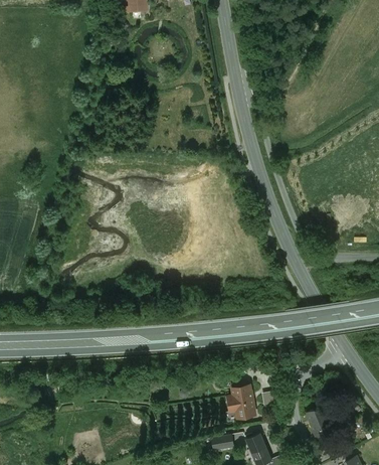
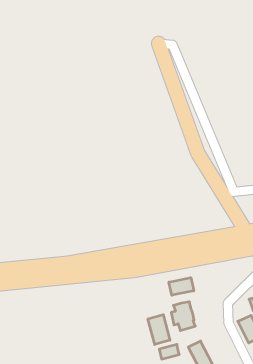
building: none -> [169,278,194,295]
building: none -> [148,315,170,345]

